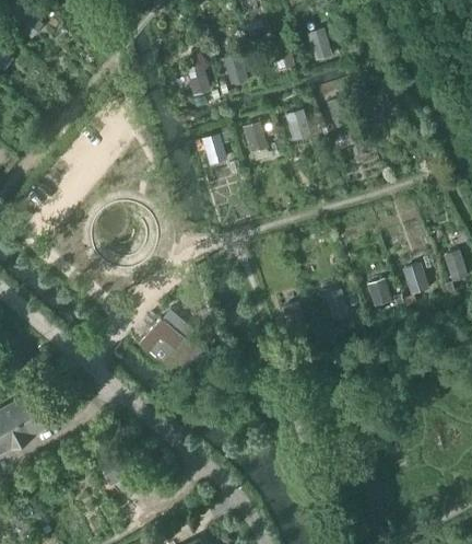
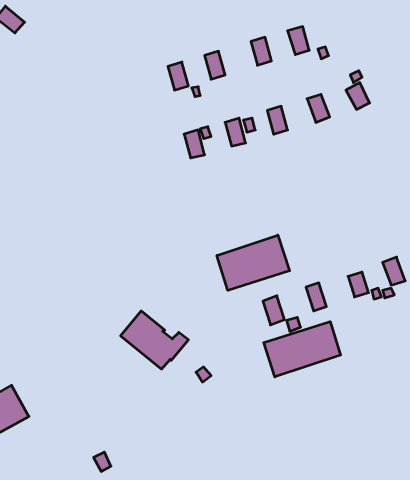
building: none -> [217,235,290,290]
building: none -> [264,322,341,377]

